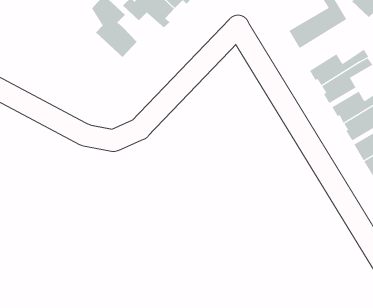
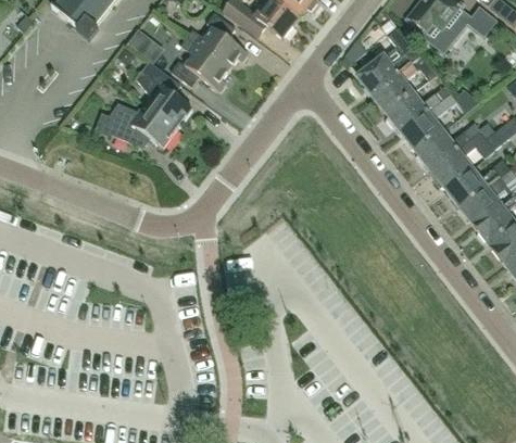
building: none -> [372,55,436,111]
building: none -> [96,102,178,148]

